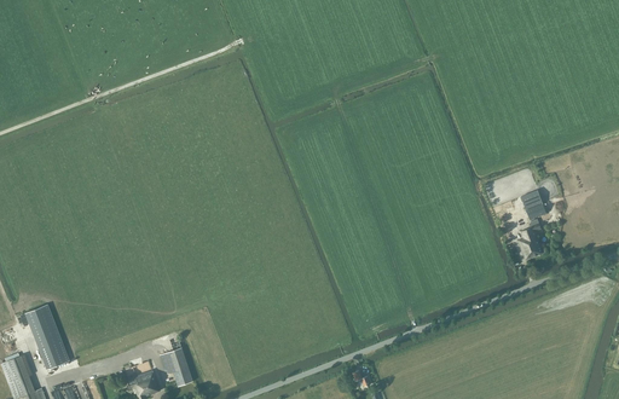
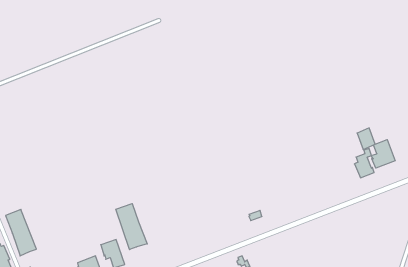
building: none -> [371,140,395,168]
building: none -> [116,204,147,250]

